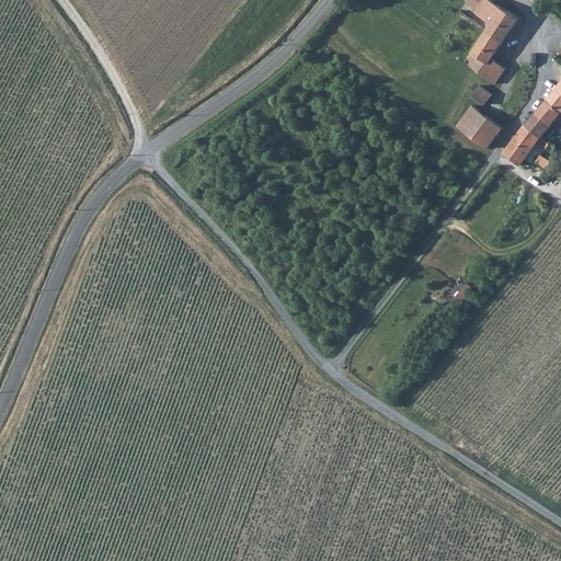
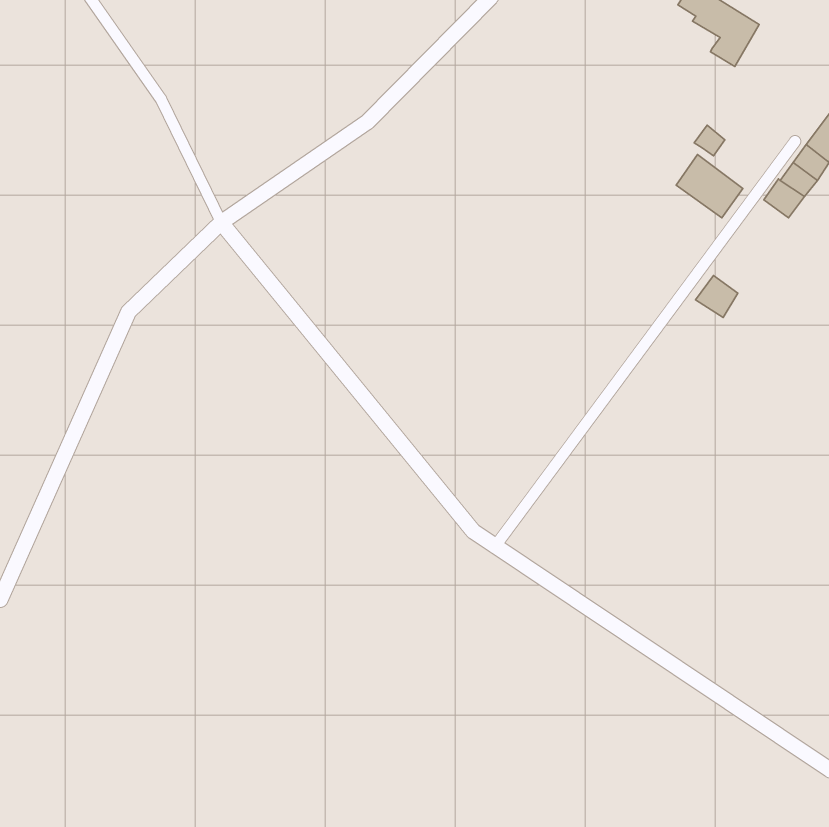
building: [462,35,501,83] -> none
building: [504,135,533,163] -> [696,275,738,318]

